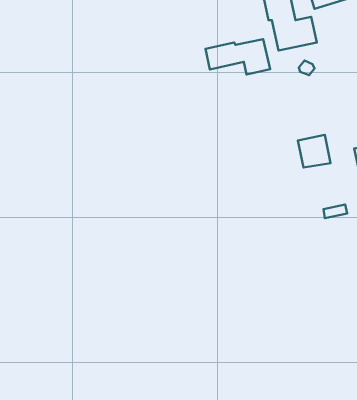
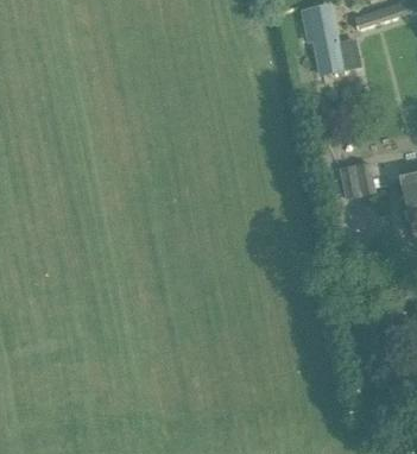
building: [205,39,270,74] -> none

